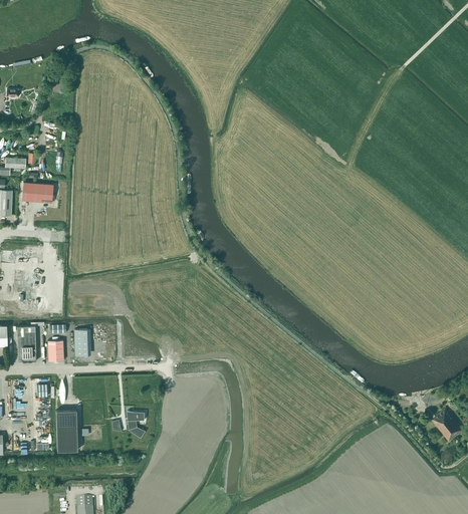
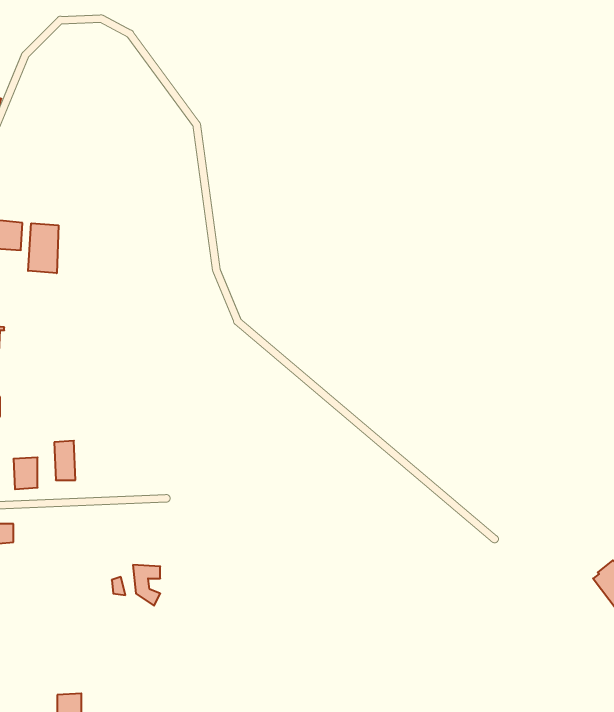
building: none -> [28,223,58,273]
building: [56,411,77,452] -> none

